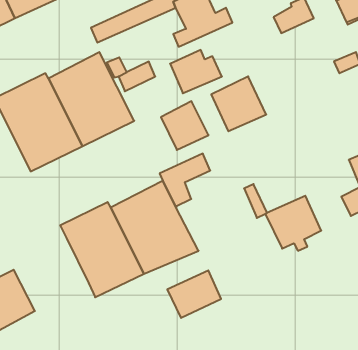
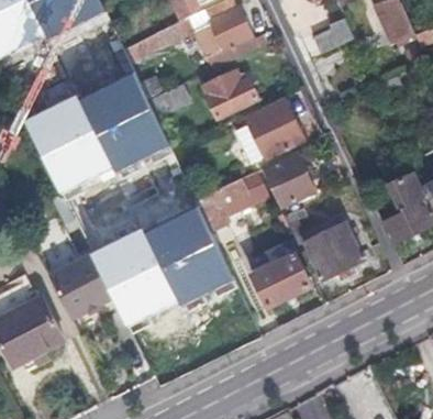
building: [161,101,209,150] -> [264,153,313,203]
building: none -> [55,265,120,332]
building: [167,270,221,318] -> [253,256,309,306]

